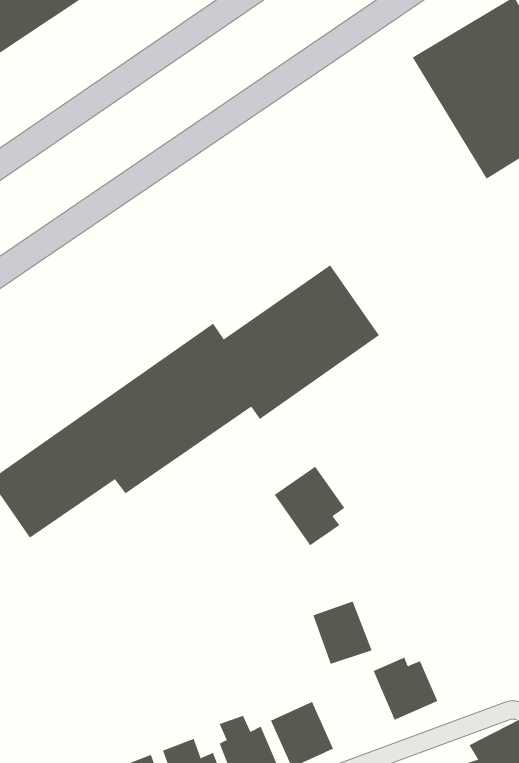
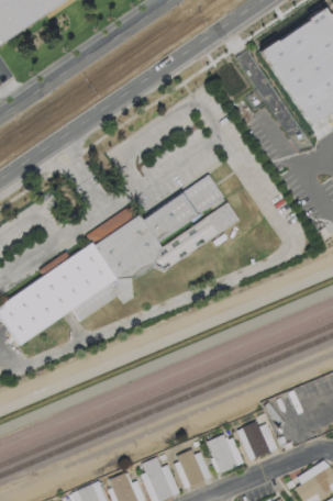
building: [274,466,345,546] -> none
building: [312,601,373,665] -> [204,433,242,472]

